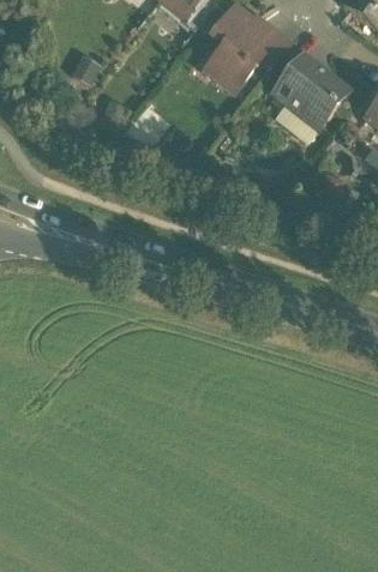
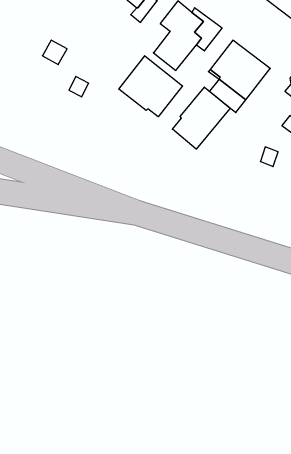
building: none -> [119,56,183,117]
building: none -> [172,87,230,149]

